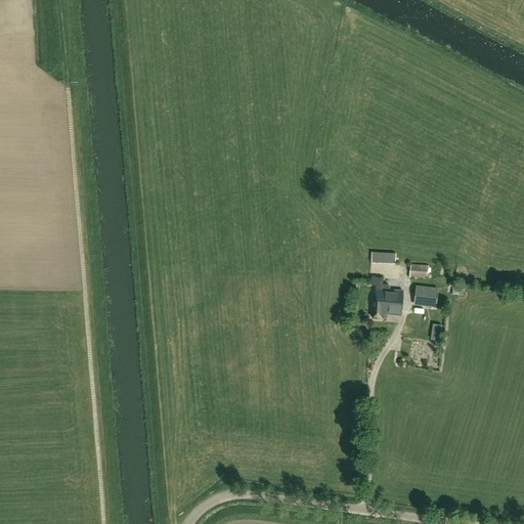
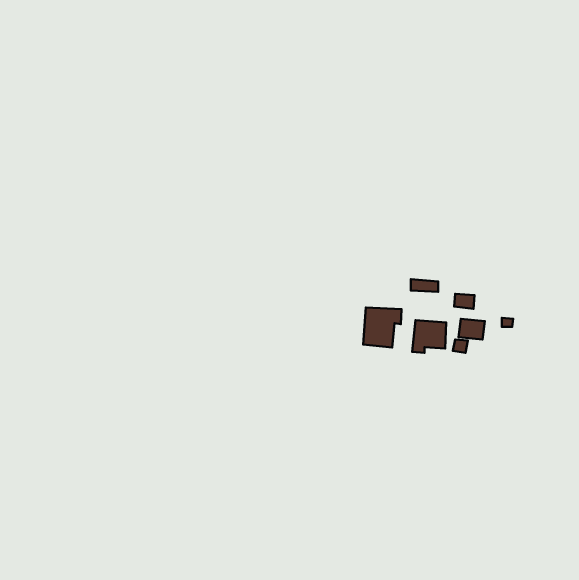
building: none -> [363,308,402,348]

